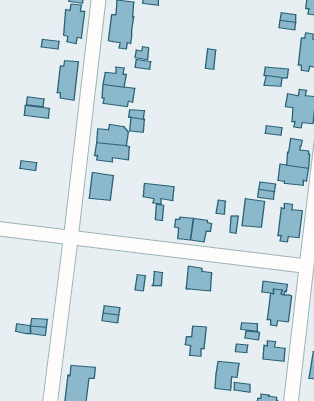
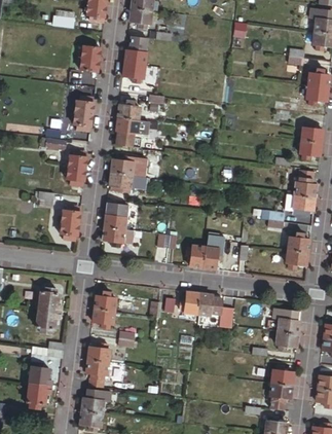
building: none -> [66,150,87,187]
building: none -> [59,205,80,241]
building: [143,184,174,204] -> [103,227,133,247]
building: [242,198,264,227] -> none
building: none -> [36,289,62,333]
building: none -> [93,292,116,329]
building: none -> [86,343,110,388]
building: [185,326,206,356] -> [179,292,199,321]
building: none -> [25,363,52,410]
building: [215,361,239,390] -> [268,383,292,410]

